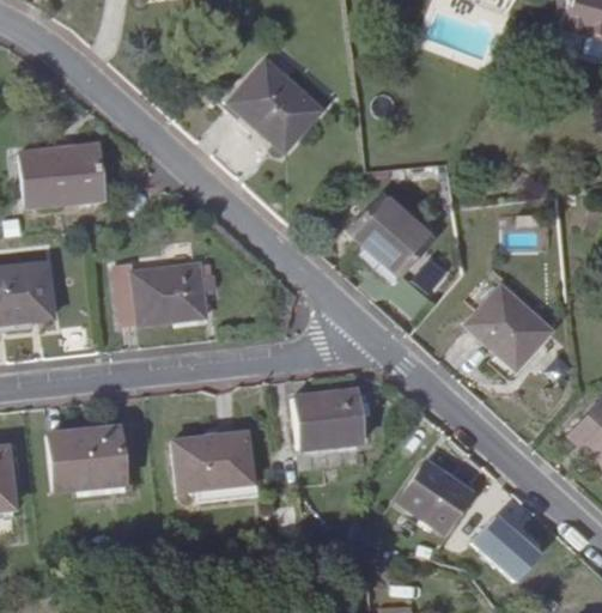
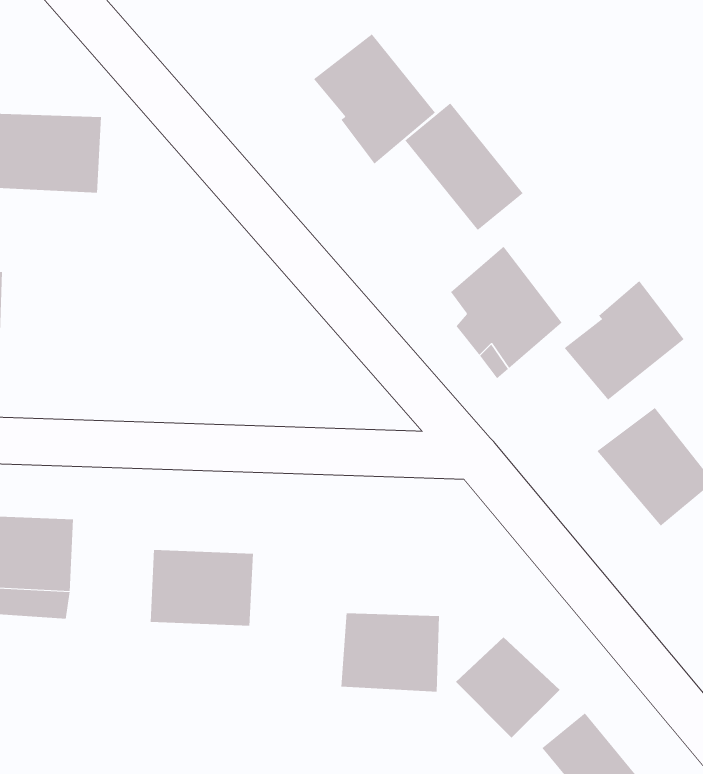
building: none -> [404,102,523,231]
building: none -> [564,280,684,401]
building: [118,262,221,327] -> none
building: [293,388,364,447] -> [341,613,440,692]

